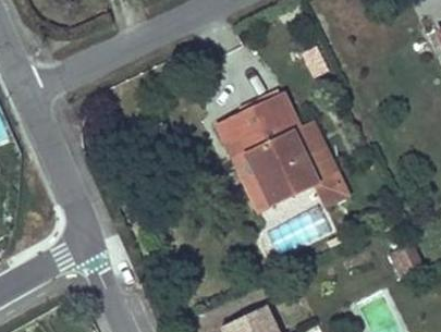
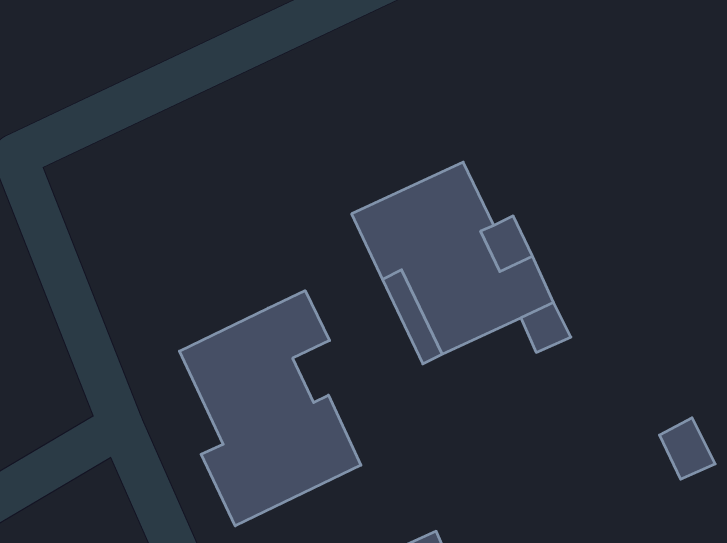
building: none -> [179,291,361,526]

